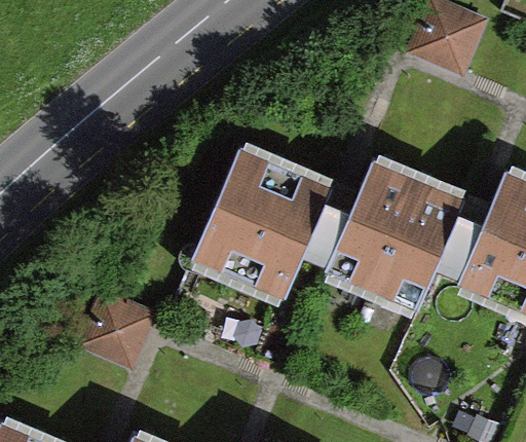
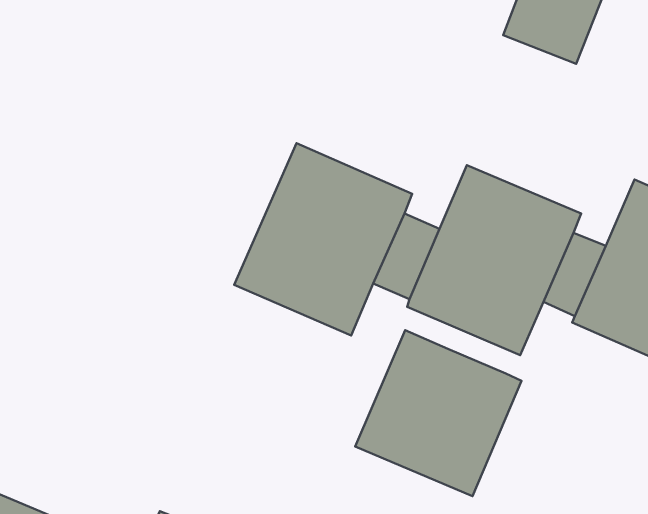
building: none -> [355,330,522,496]
building: [76,290,159,371] -> none

